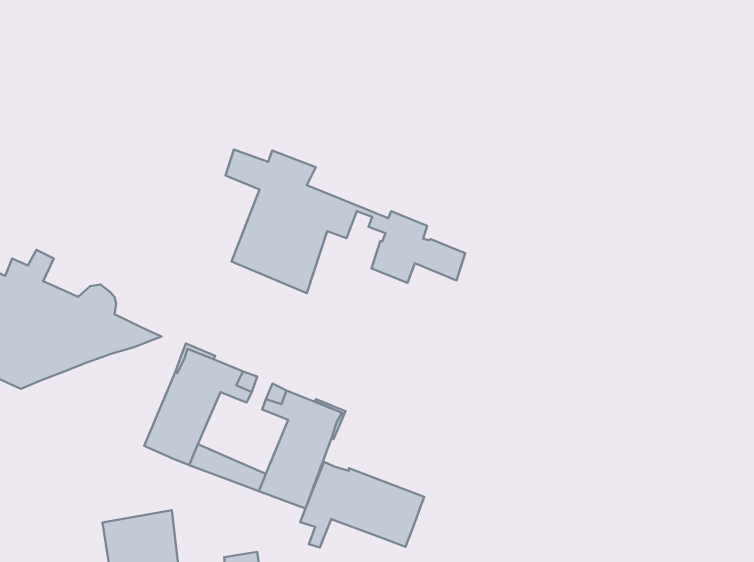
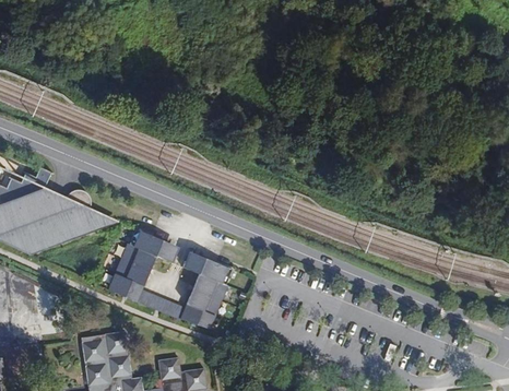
building: [226,149,465,293] -> none
building: [300,462,424,548] -> none

